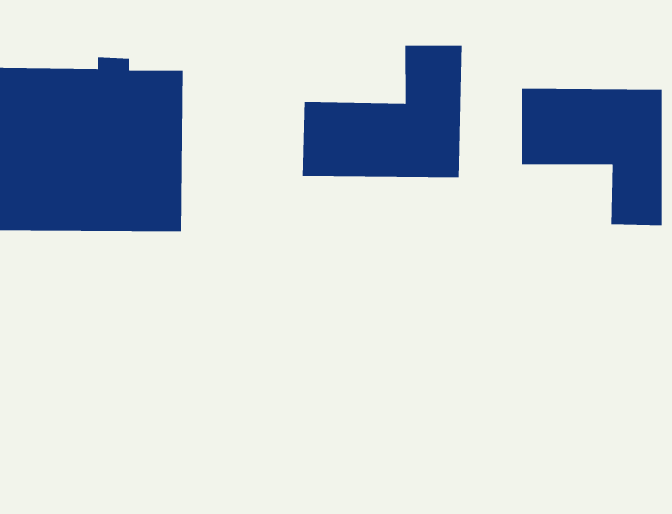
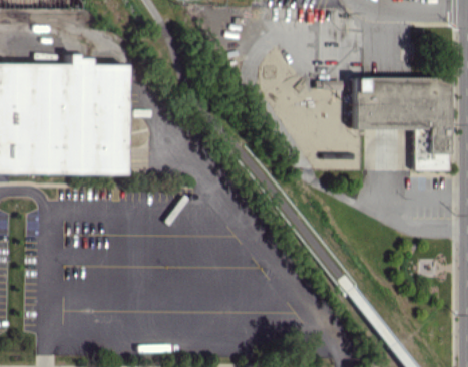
building: [302,45,462,178] -> none

